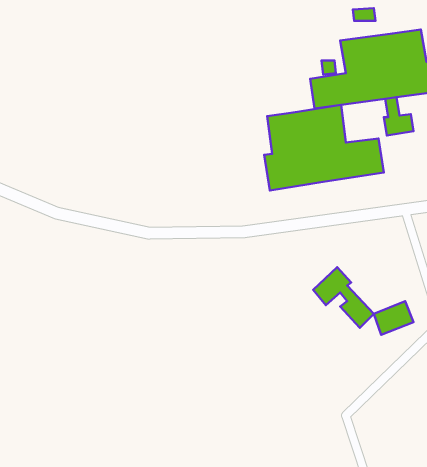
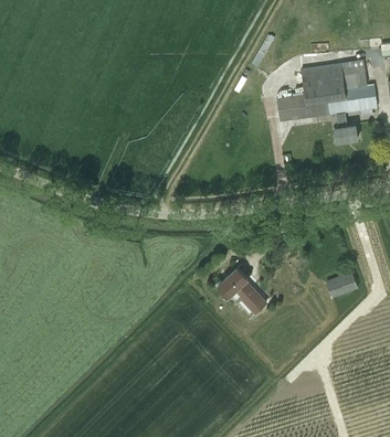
building: [264,105,384,190] -> none
building: [313,267,374,328] -> [218,267,265,315]

